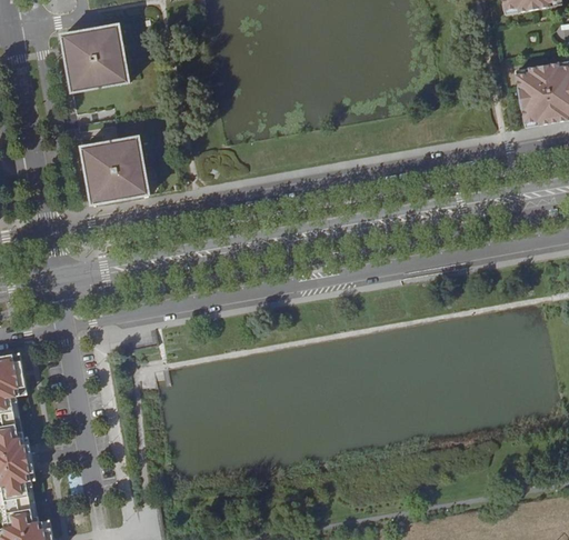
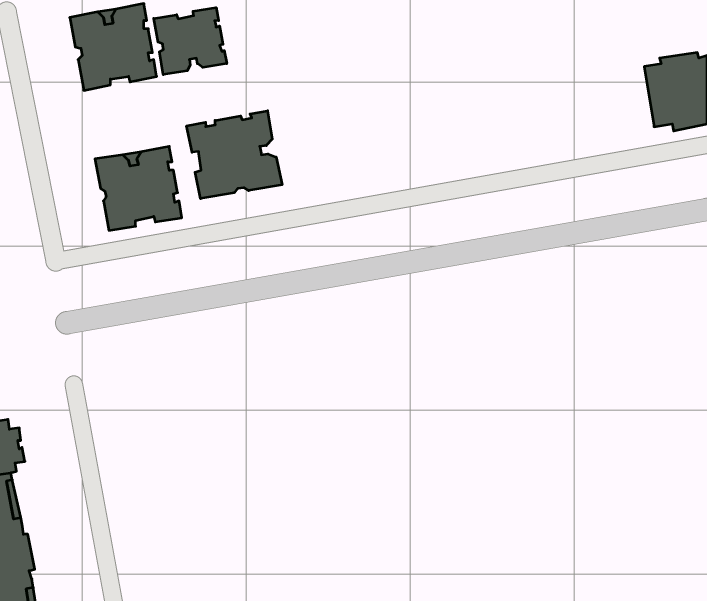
building: none -> [154,8,227,75]
building: none -> [187,111,282,199]

